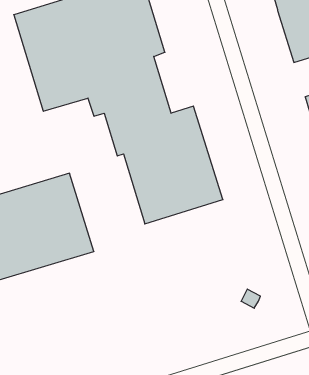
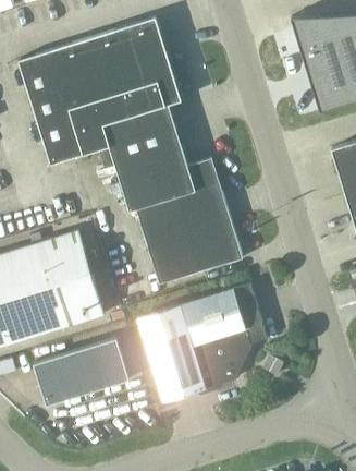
building: none -> [138,285,268,402]
building: none -> [34,339,130,406]

